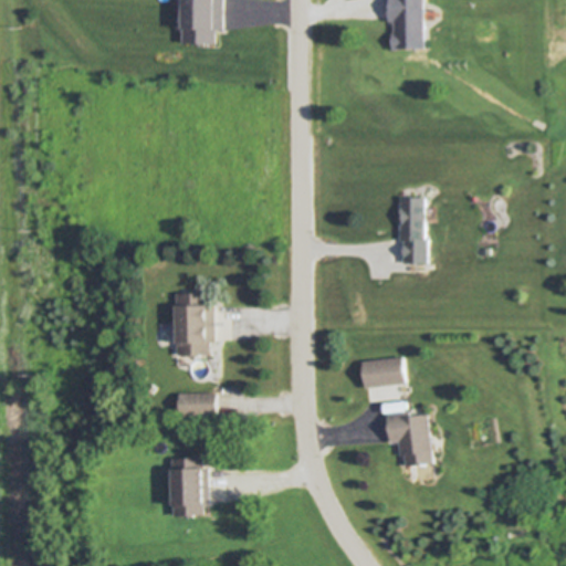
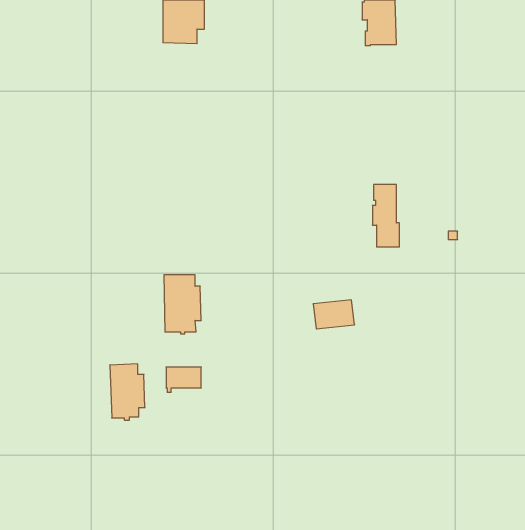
building: [360,355,405,386] -> [313,300,355,329]
building: [386,412,431,467] -> none
building: [170,458,208,517] -> [110,364,145,420]

